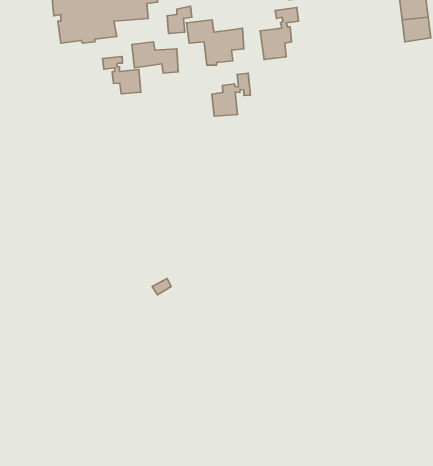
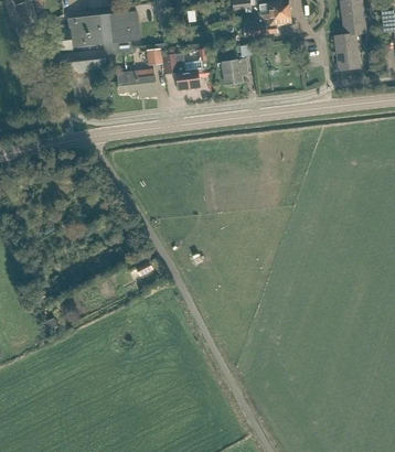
building: [103,57,141,94] -> none
building: [212,73,250,116] -> none

